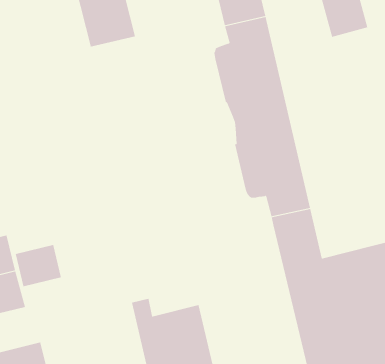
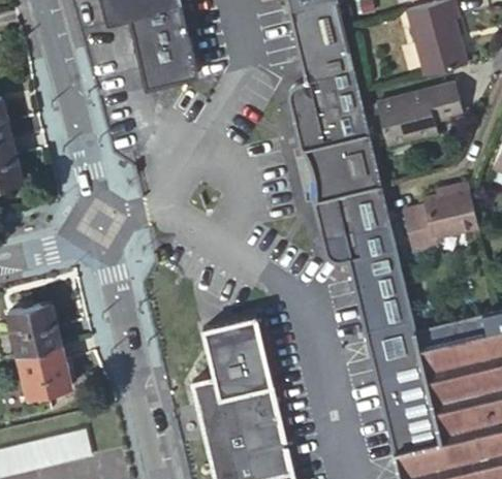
building: none -> [377,84,464,145]
building: none -> [405,186,479,249]
building: [15,244,62,287] -> none
building: none -> [202,316,272,397]

